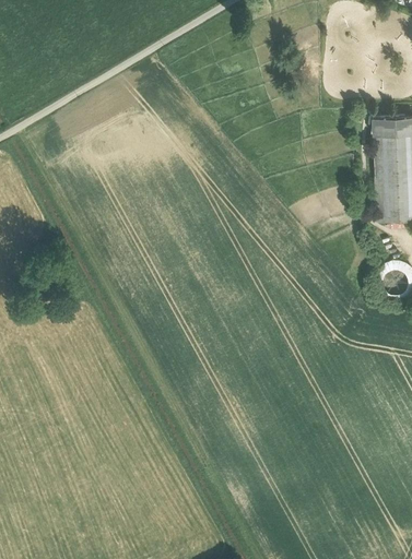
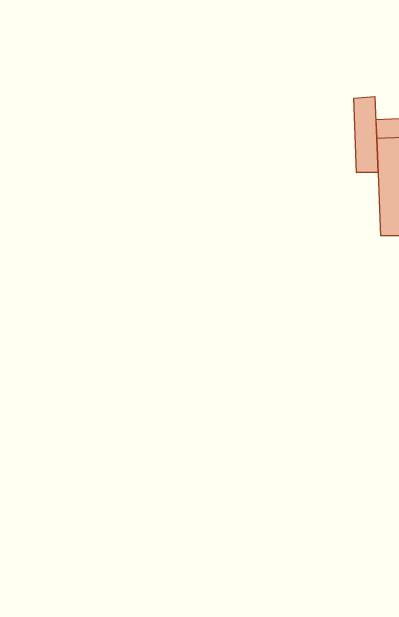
building: none -> [354,97,378,173]

